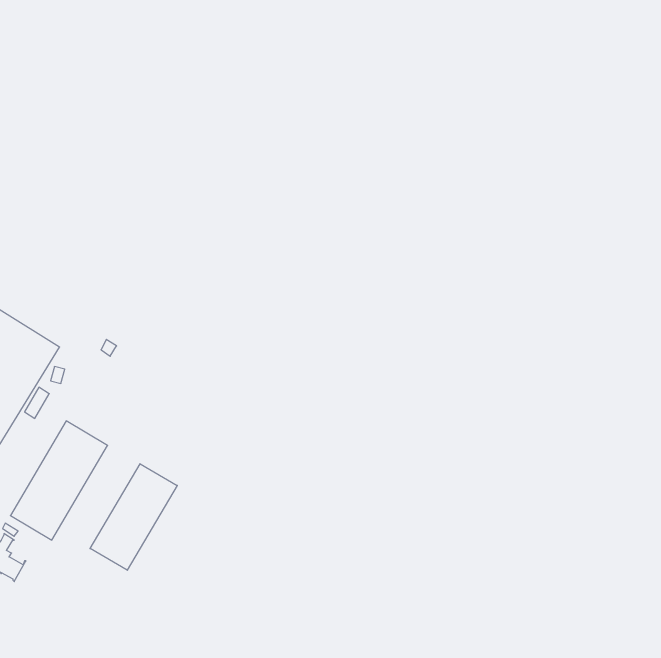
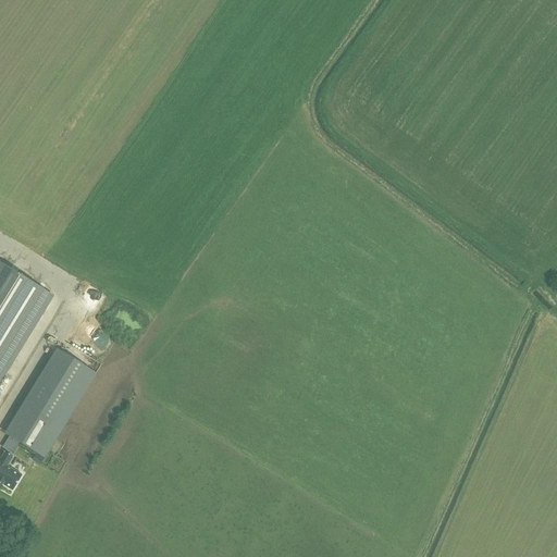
building: [90,464,177,570] -> none

